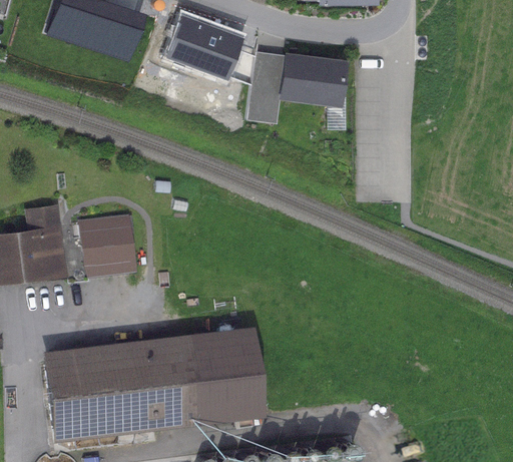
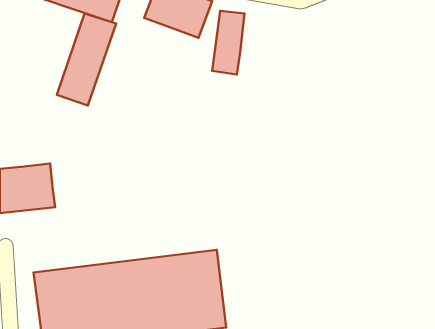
building: [279,52,348,107] -> none
building: none -> [57,14,116,106]
building: [24,205,136,278] -> none

